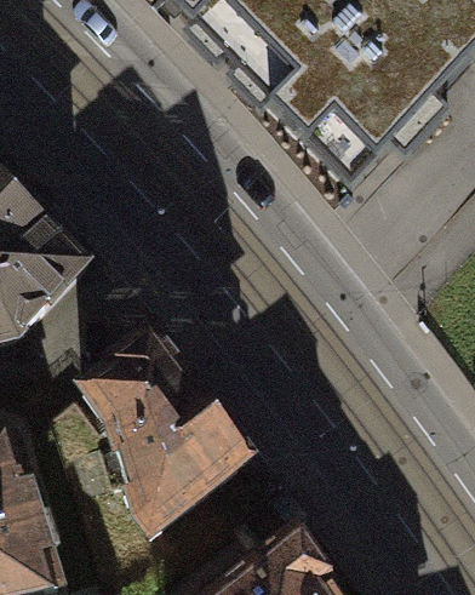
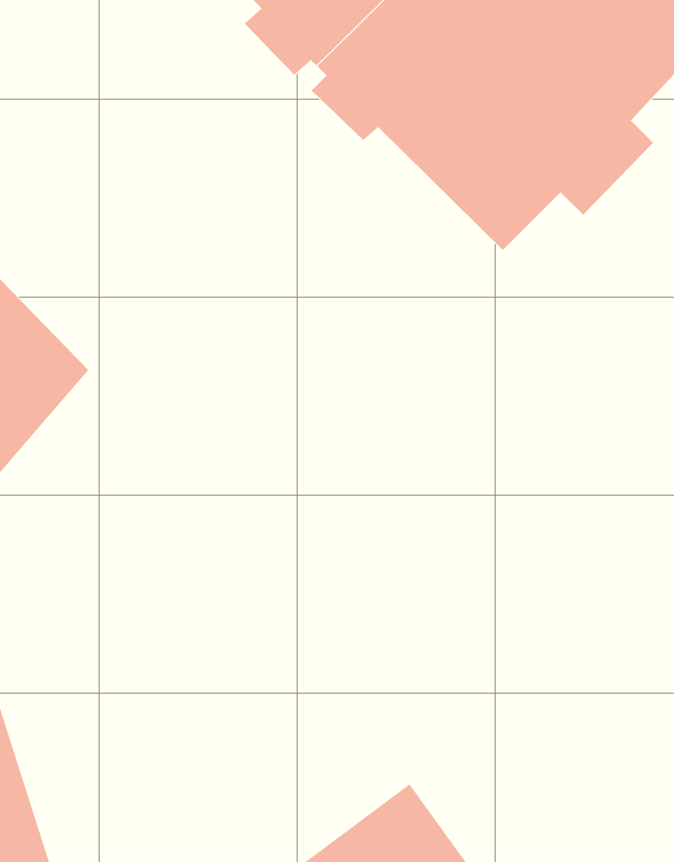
building: [84,331,246,526] -> none

